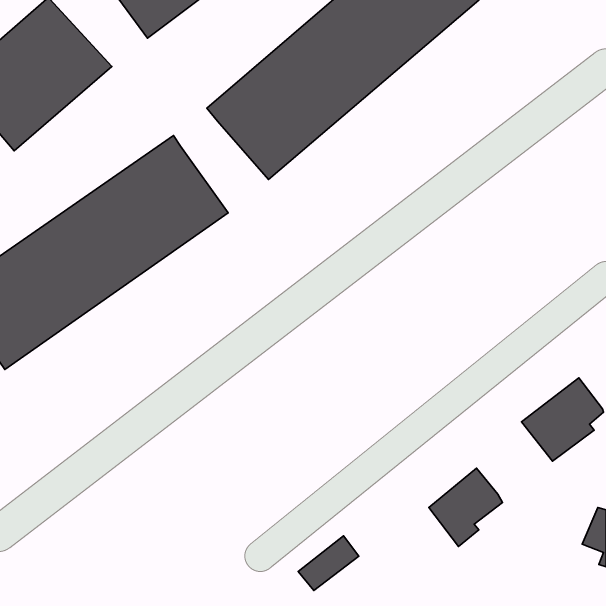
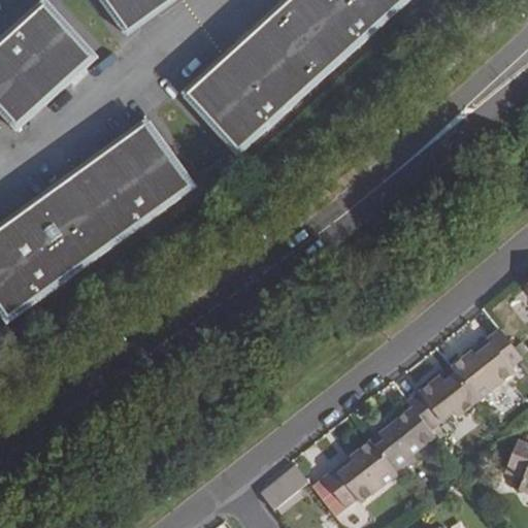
building: none -> [409,366,480,429]
building: none -> [323,440,398,507]

